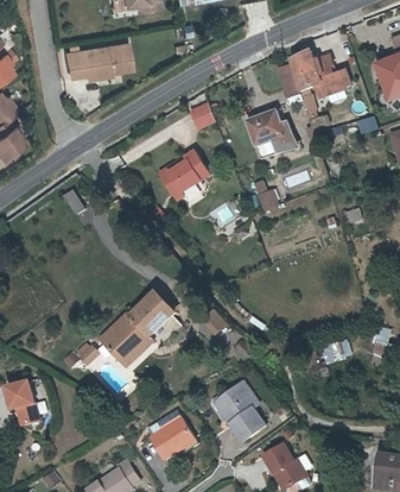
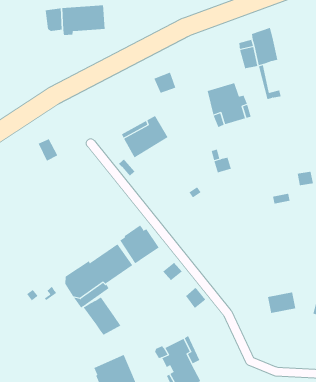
building: [316,55,353,99] -> none
building: none -> [120,225,160,264]
building: none -> [83,296,121,336]

